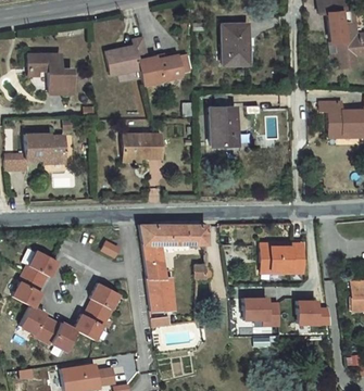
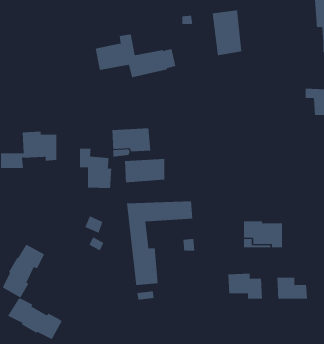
building: [27,55,74,98] -> none
building: [215,112,239,150] -> none
building: none -> [79,148,112,189]
building: none -> [124,158,165,183]
building: [68,291,114,348] -> none

